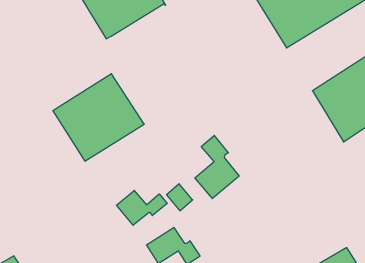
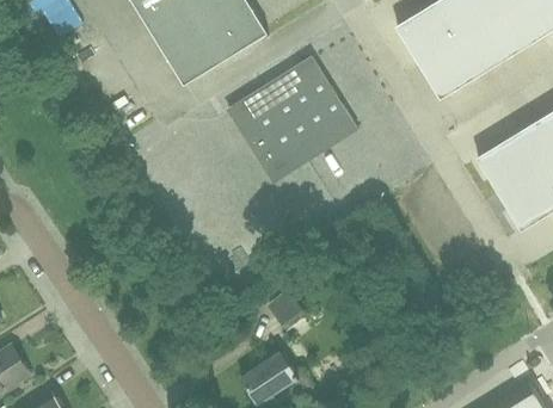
building: [53,74,144,161] -> [228,58,358,183]
building: [195,135,239,199] -> none
building: [117,190,167,225] -> none

